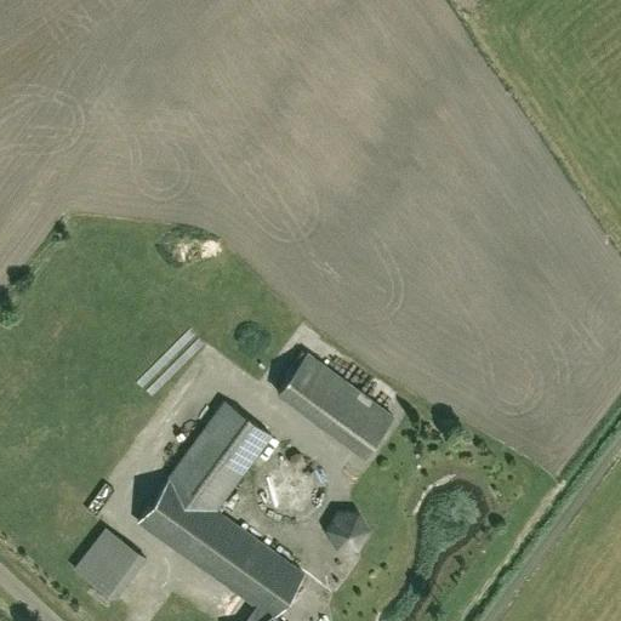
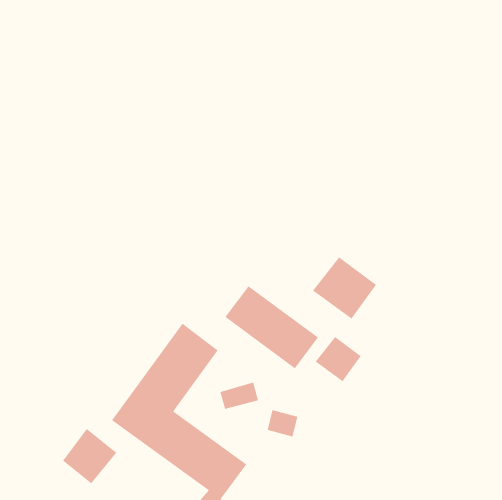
building: none -> [312,257,377,320]
building: none -> [315,336,362,382]

